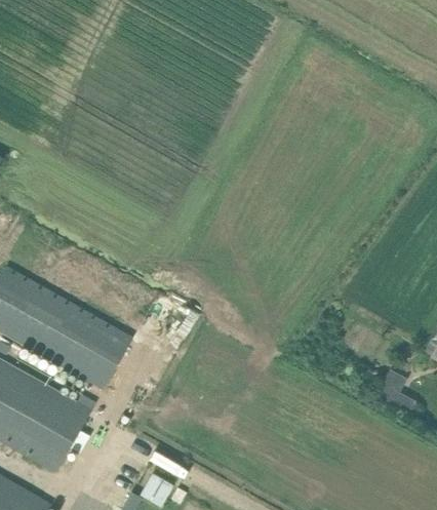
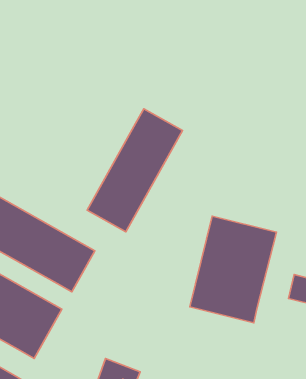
building: none -> [87,109,183,232]
building: none -> [190,216,277,323]

